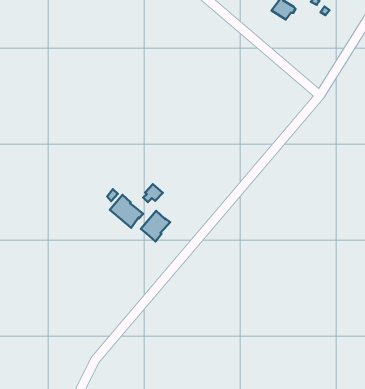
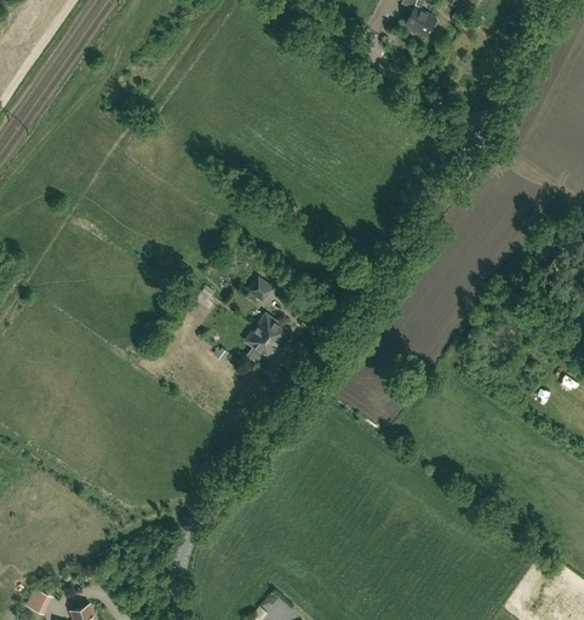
building: [110,195,143,228] -> none

